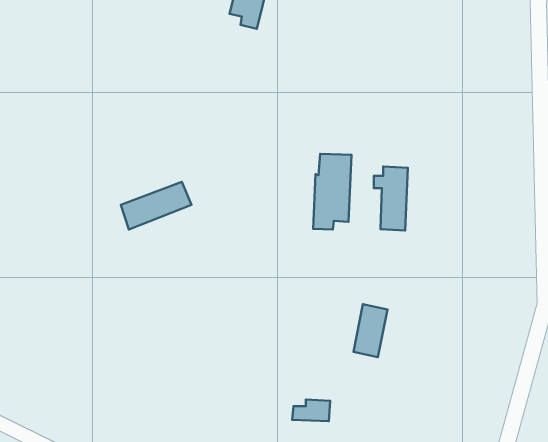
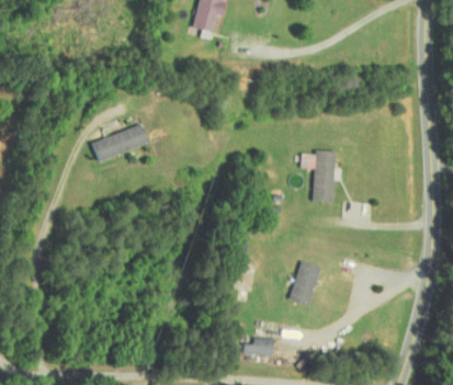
building: [313,154,351,230] -> none
building: [121,182,191,229] -> [91,124,148,162]

